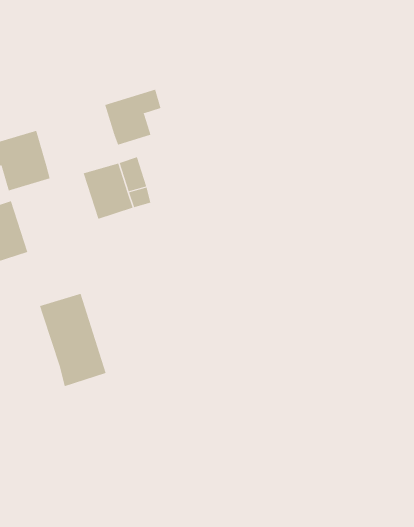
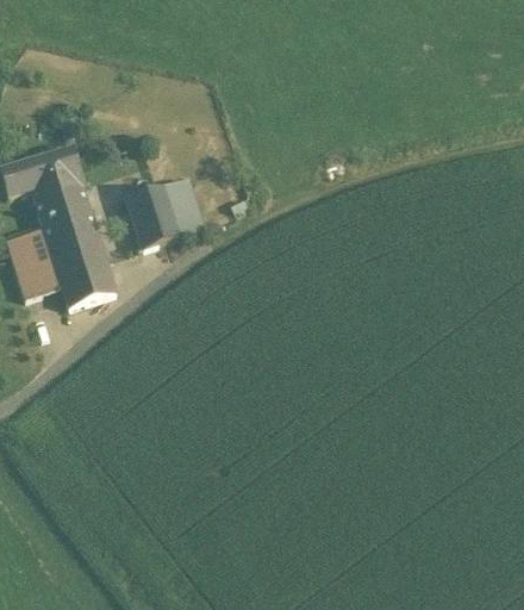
building: [105,89,161,145] -> none
building: [39,293,106,387] -> [40,204,117,310]

